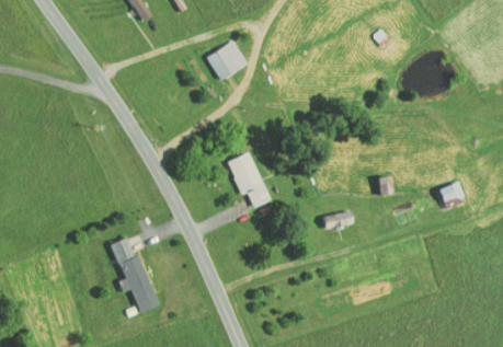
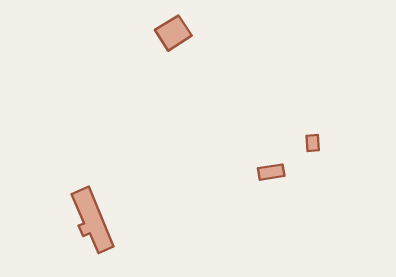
building: [227,151,268,207] -> none
building: [439,182,466,207] -> none

